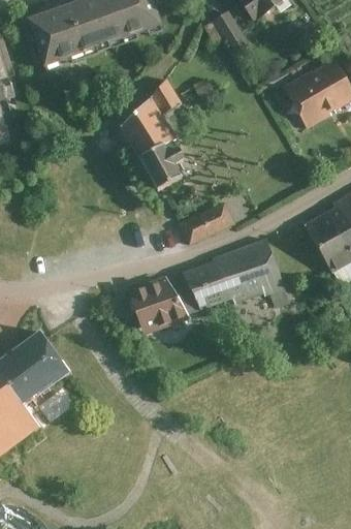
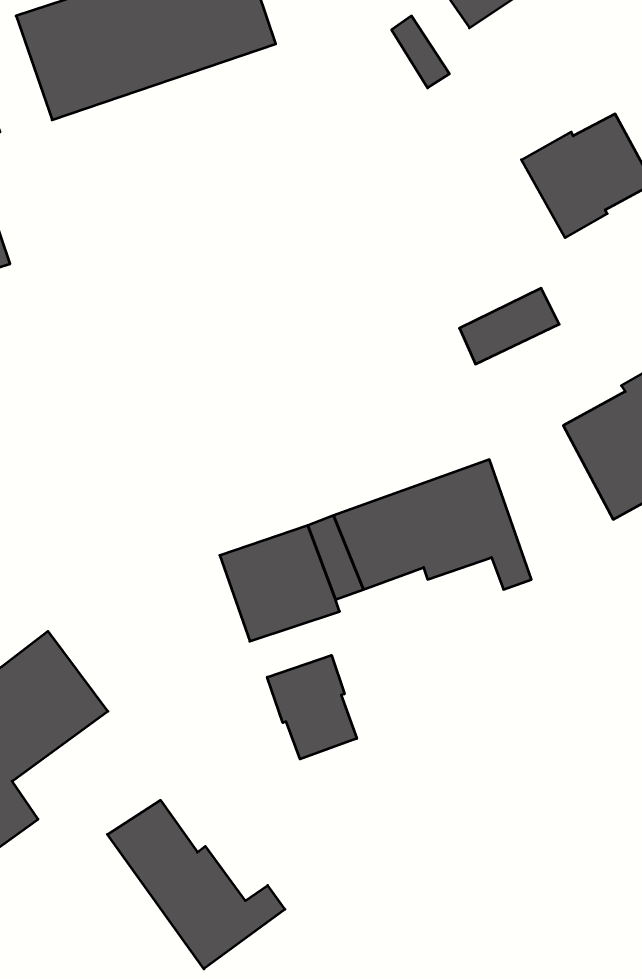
building: [121,80,185,188] -> none
building: [181,204,232,243] -> [459,288,559,364]
building: none -> [267,655,357,759]
building: none -> [107,800,285,969]

